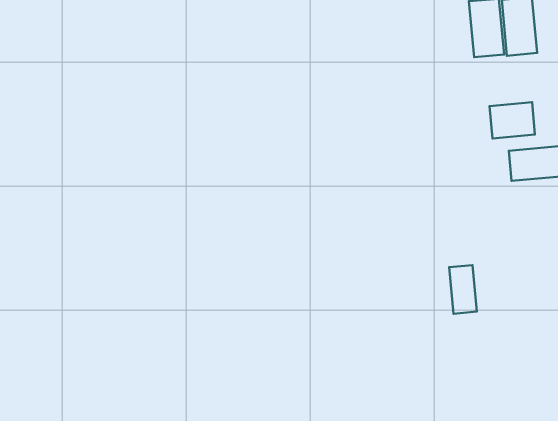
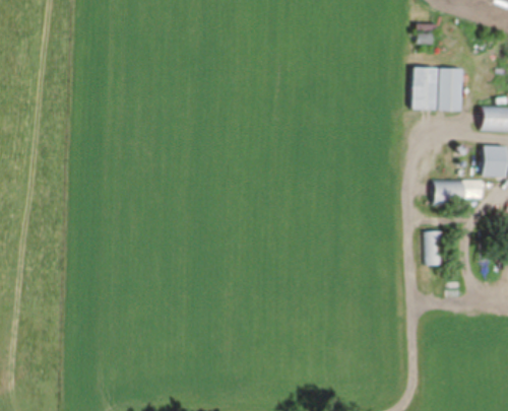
building: [490,102,535,139] -> none
building: [449,265,477,314] -> [426,231,443,266]

